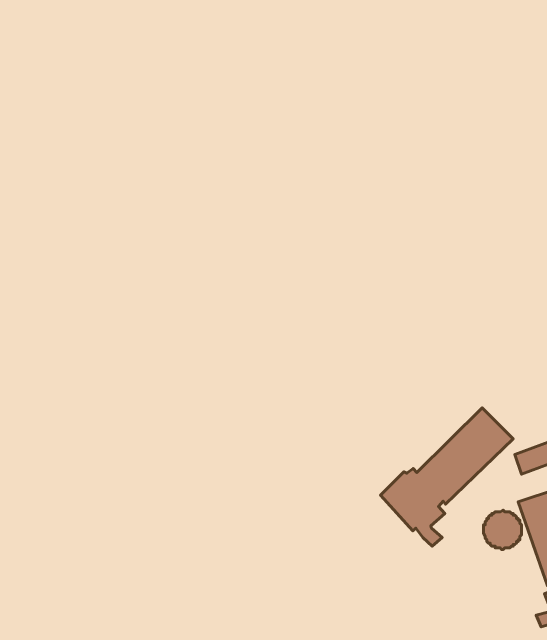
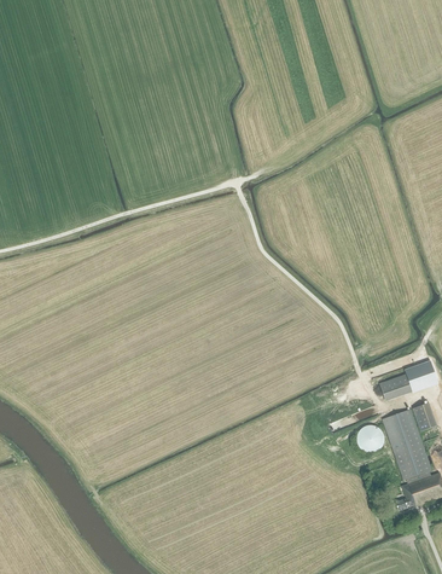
building: [380,408,513,546] -> none

